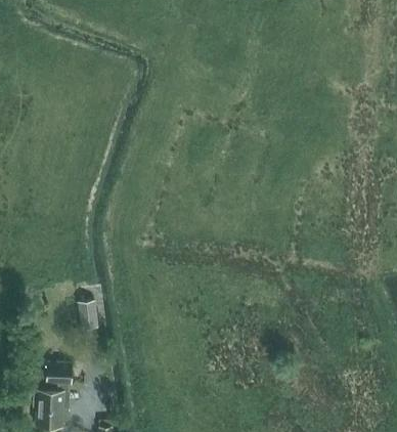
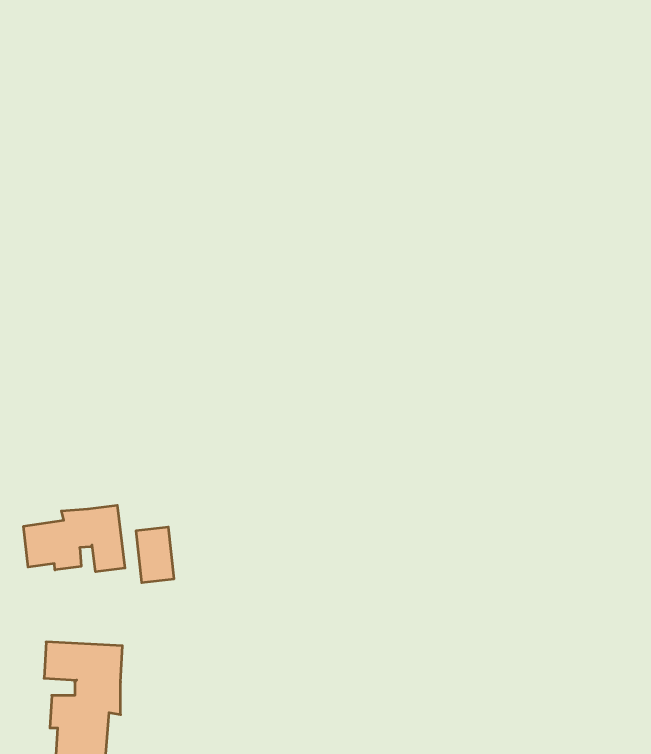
building: none -> [24,505,125,572]

